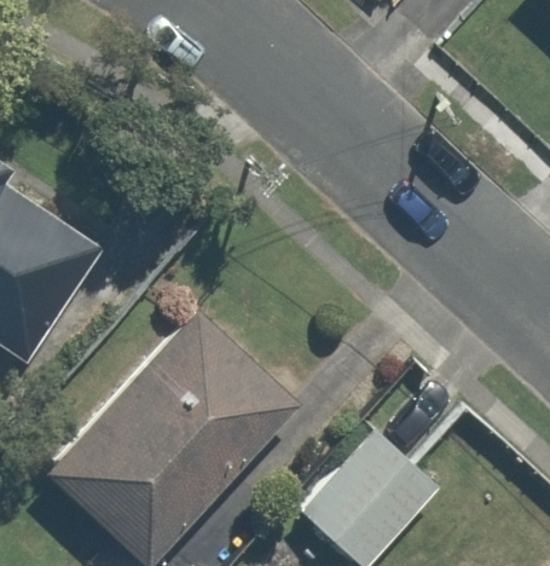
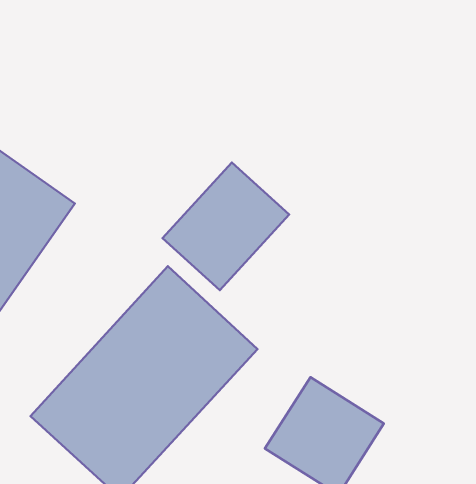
building: none -> [163,163,289,290]

